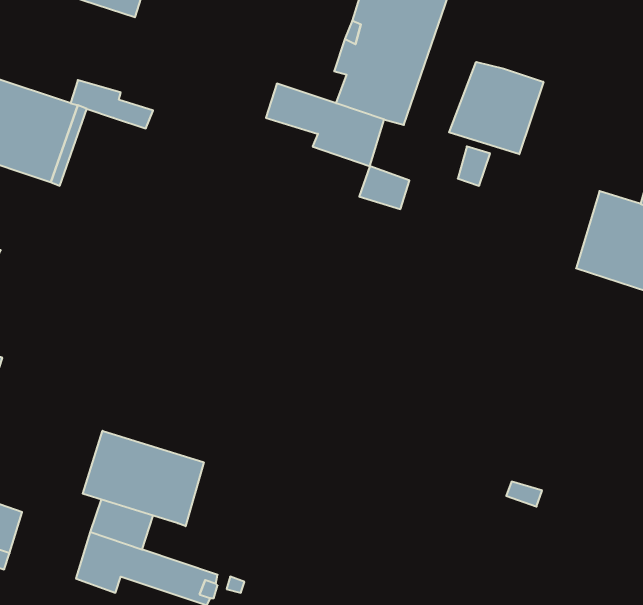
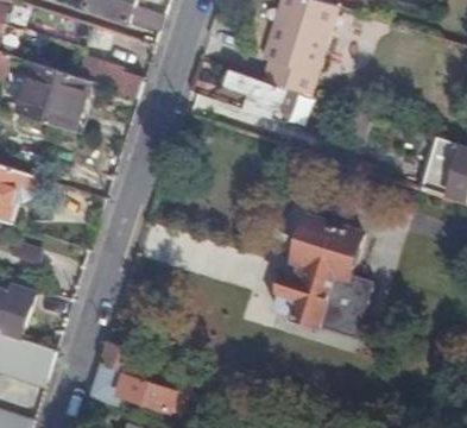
building: [449,62,543,154] -> none
building: none -> [273,219,371,335]
building: [83,431,204,526] -> none

